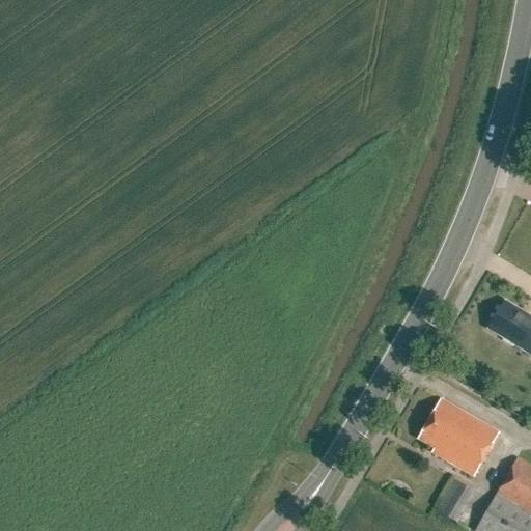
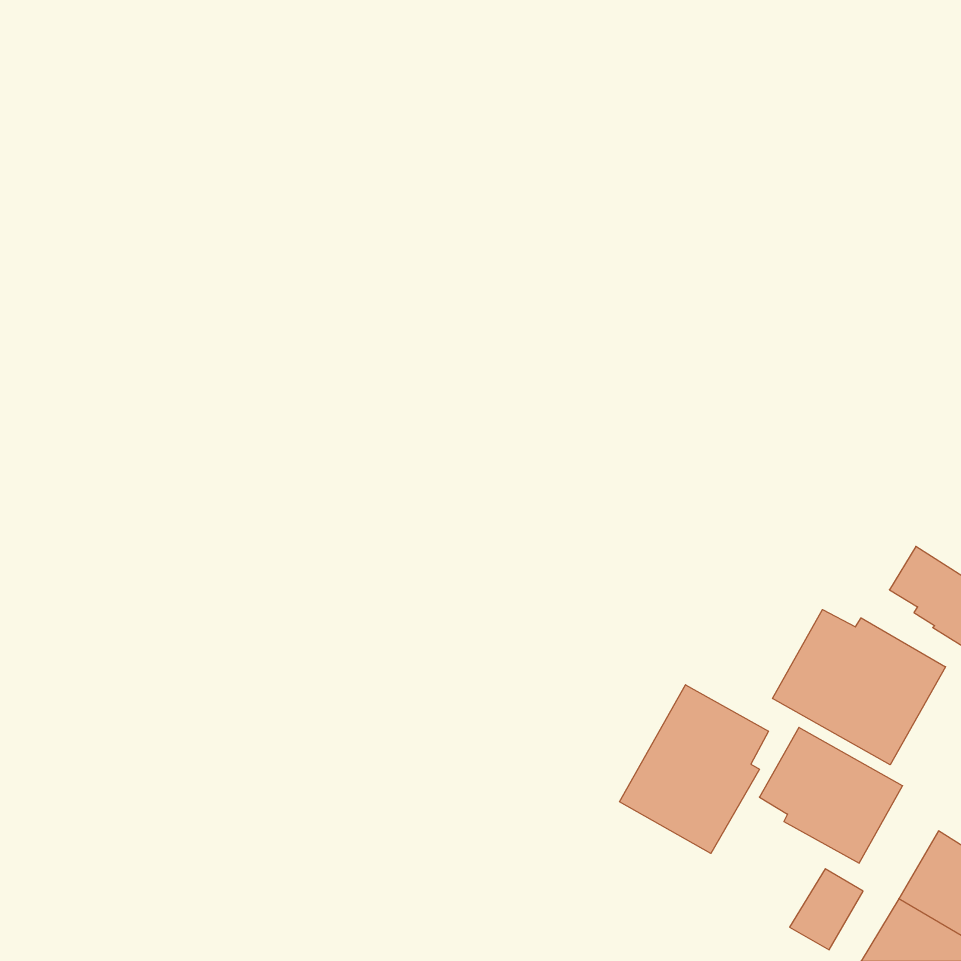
building: none -> [773,610,946,765]
building: none -> [620,685,768,853]

